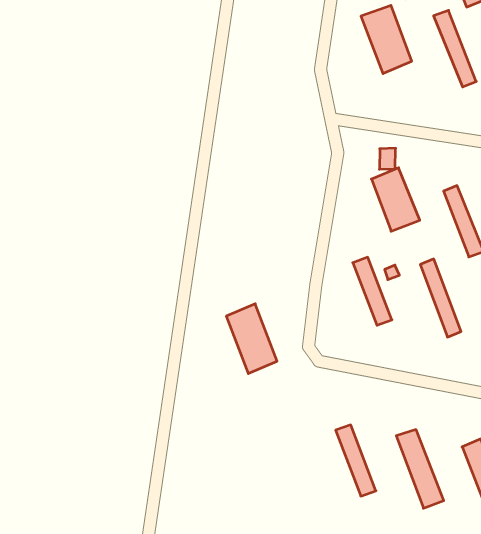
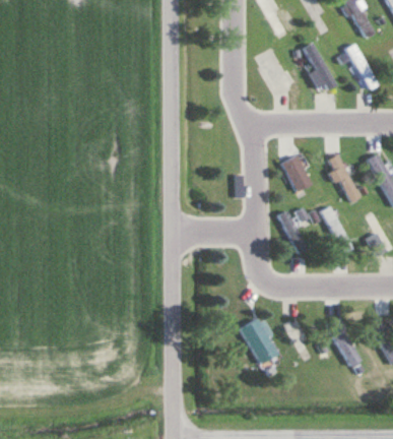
building: [226,304,277,374] -> [239,317,276,363]

